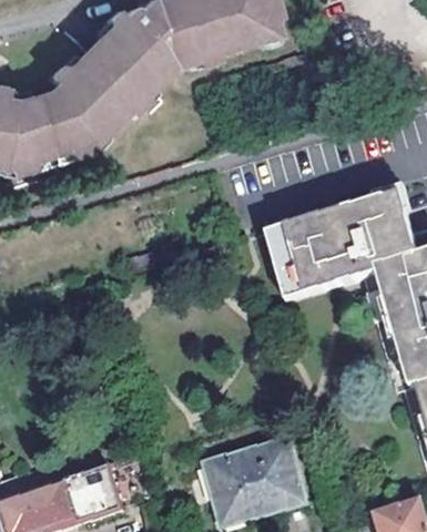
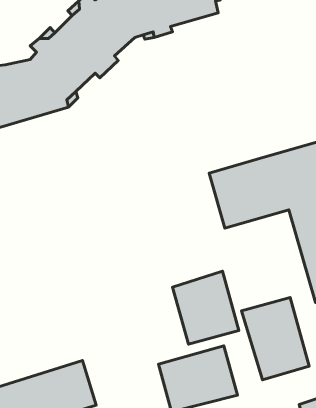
building: none -> [172,271,239,344]
building: none -> [242,297,309,380]

